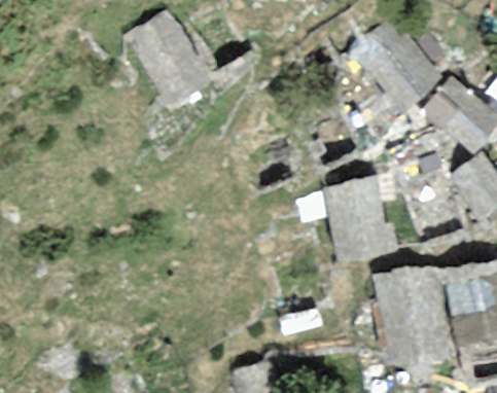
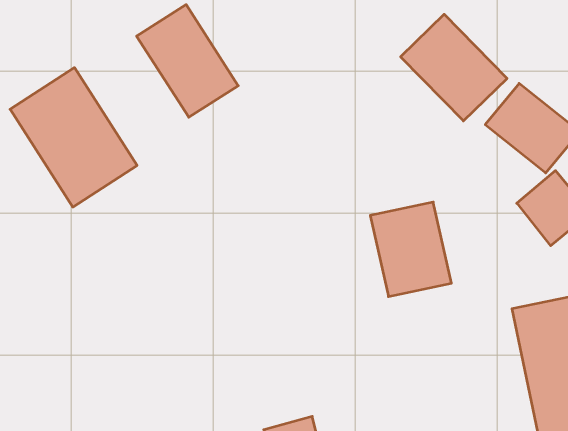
building: none -> [10,68,137,207]
building: [372,266,454,363] -> none

